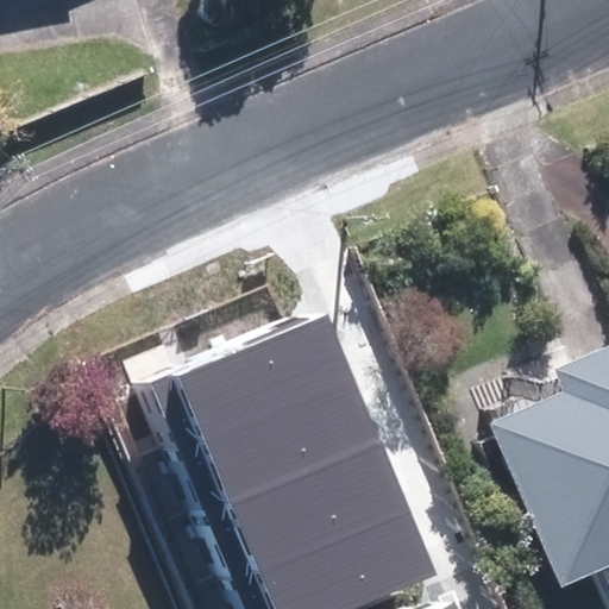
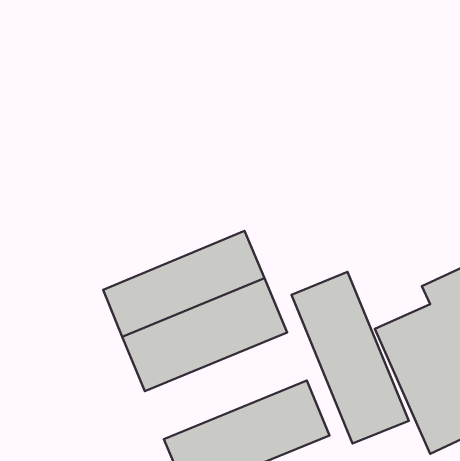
building: none -> [291,272,409,444]
building: [194,439,407,579] -> none

